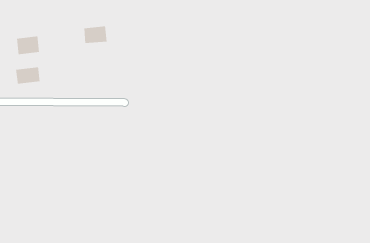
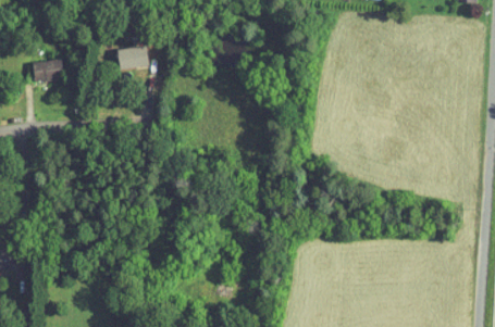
building: [15,66,40,84] -> none

